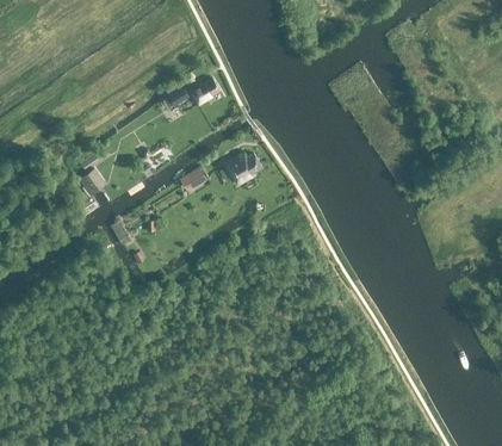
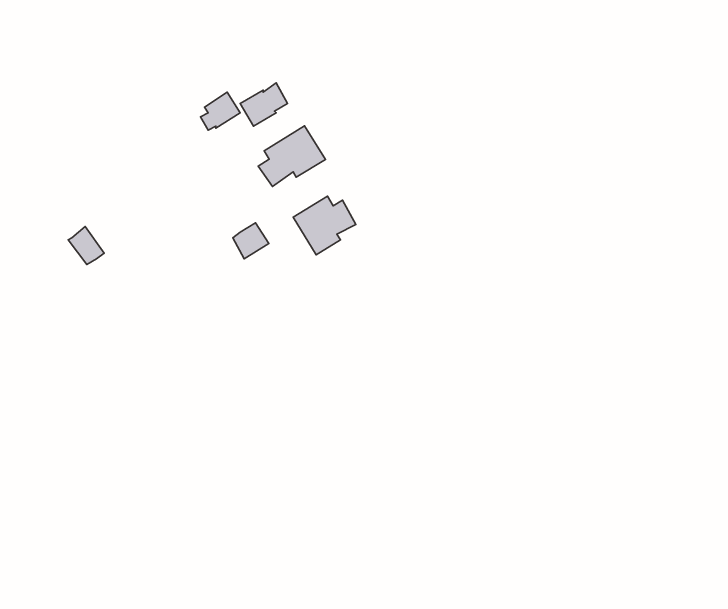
building: none -> [258,126,326,186]

